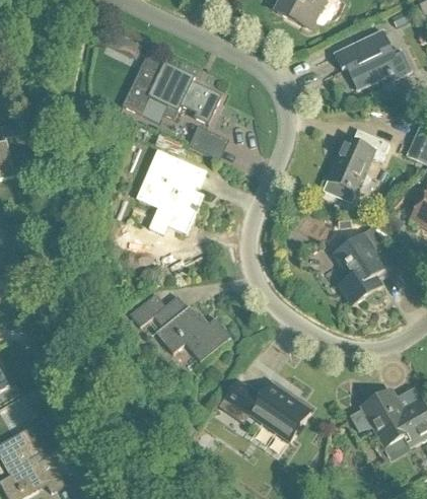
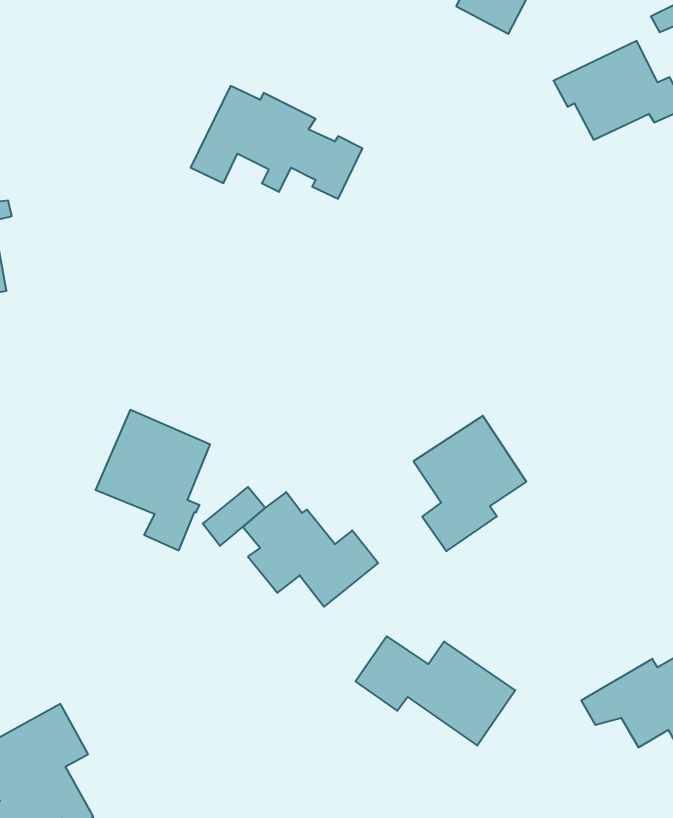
building: [188,126,221,157] -> none
building: [325,130,389,196] -> none
building: [138,152,205,234] -> [95,410,210,550]
building: [333,226,399,305] -> [414,416,526,551]

